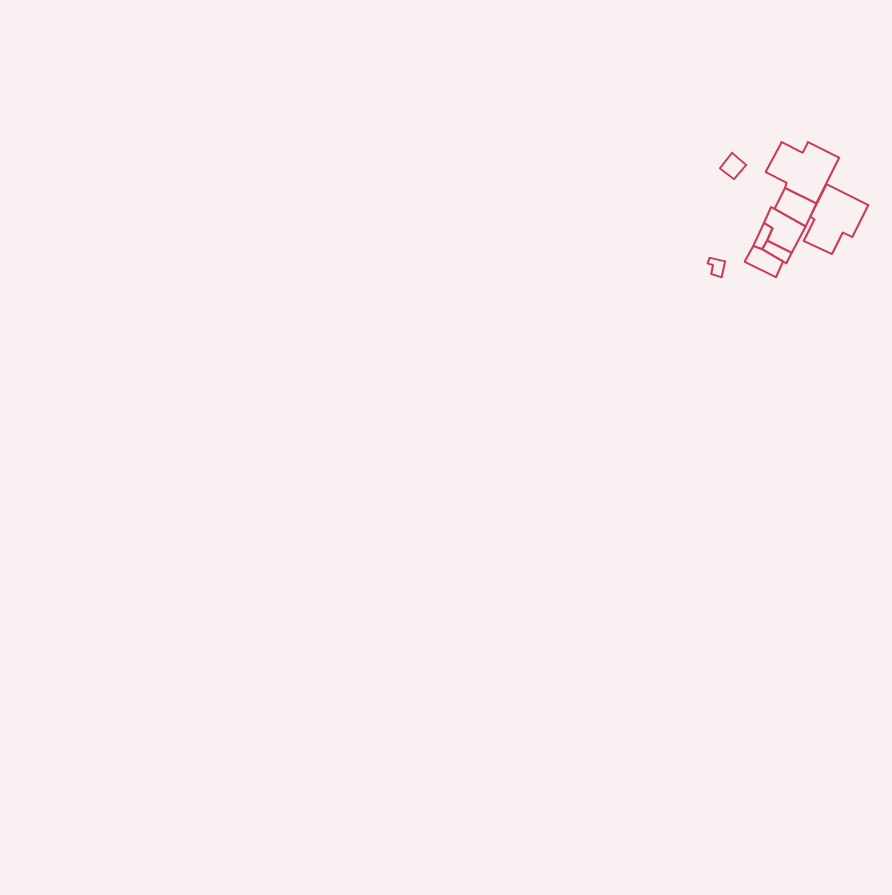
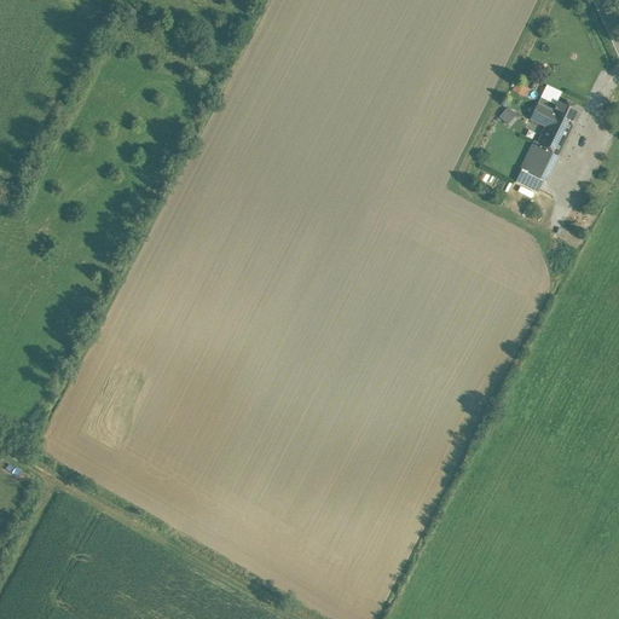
building: [804,184,868,254] -> none

